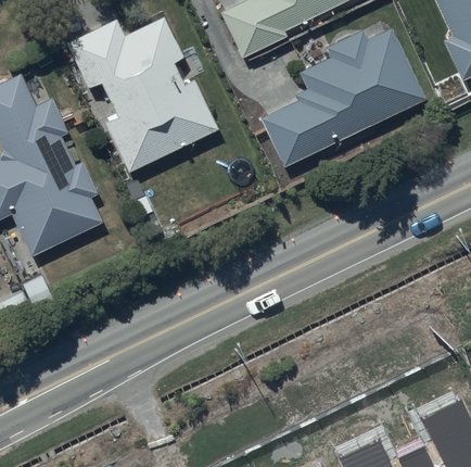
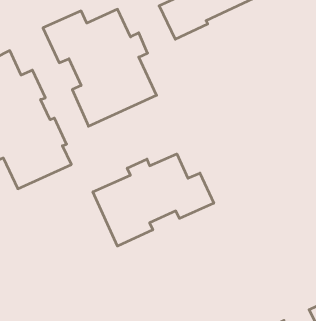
building: [260,29,423,165] -> none
building: none -> [93,154,214,246]

